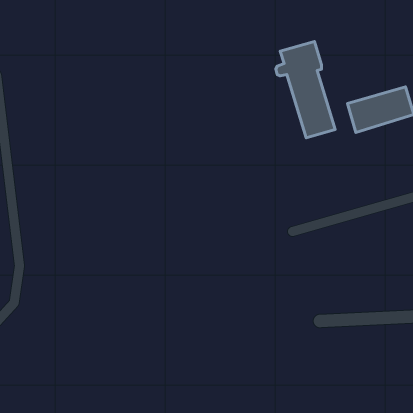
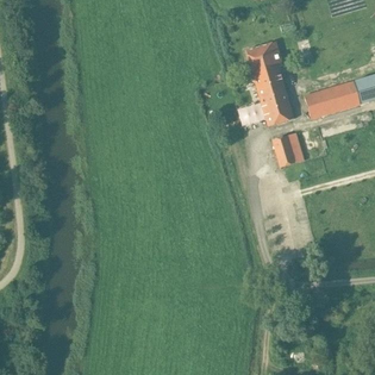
building: none -> [271,132,304,167]

